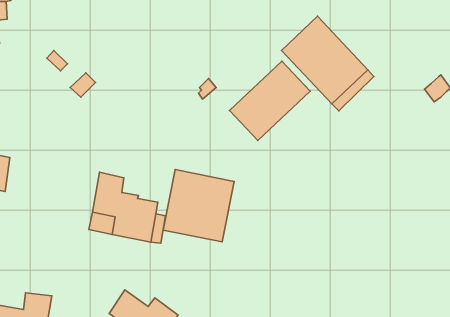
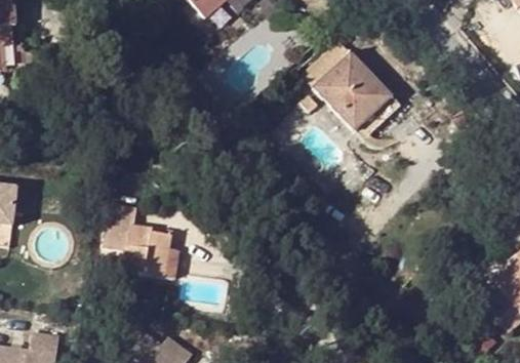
building: [230,61,310,141] -> none
building: [163,170,234,242] -> none

